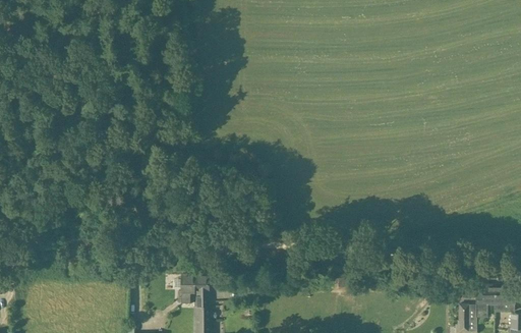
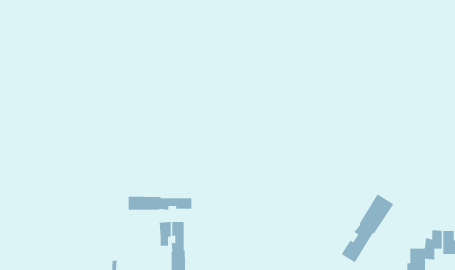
building: none -> [341,194,394,263]
building: none -> [128,196,192,210]

